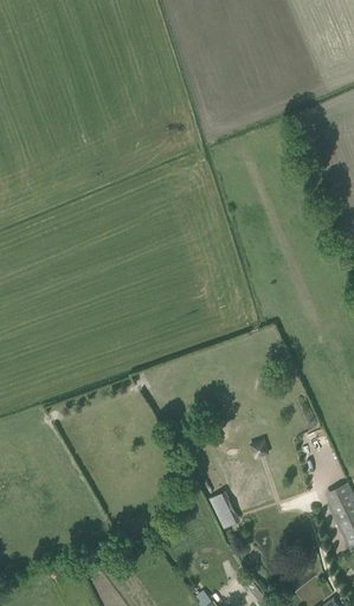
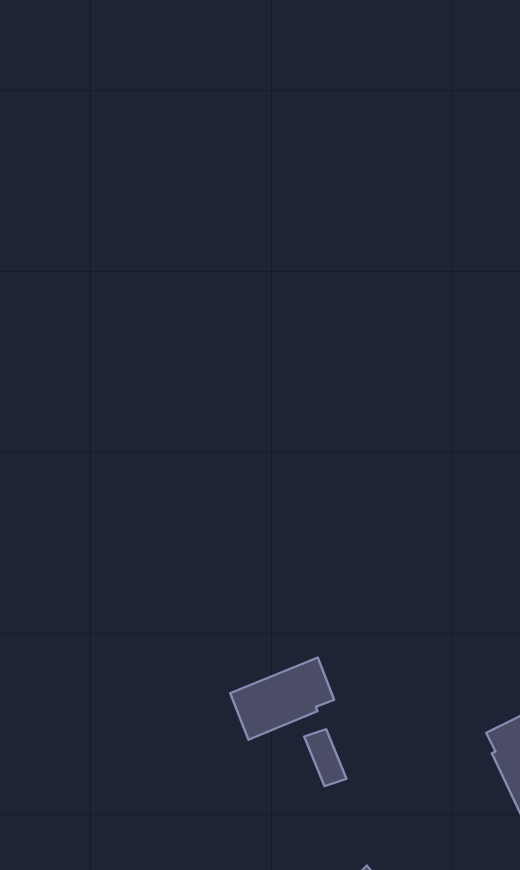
building: none -> [230,658,334,740]

